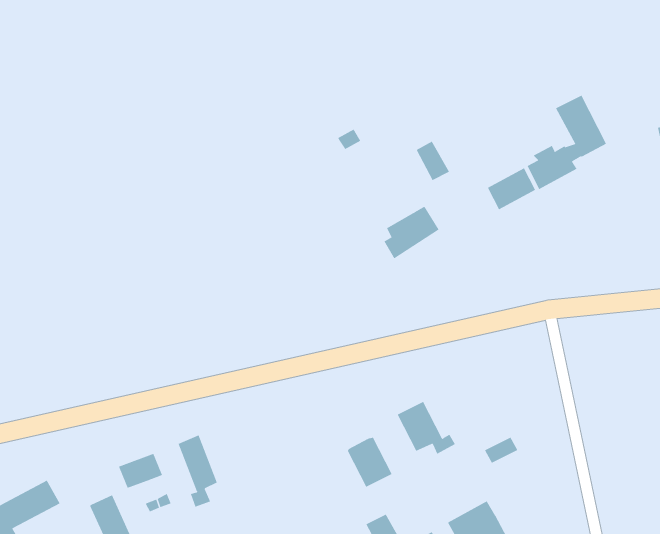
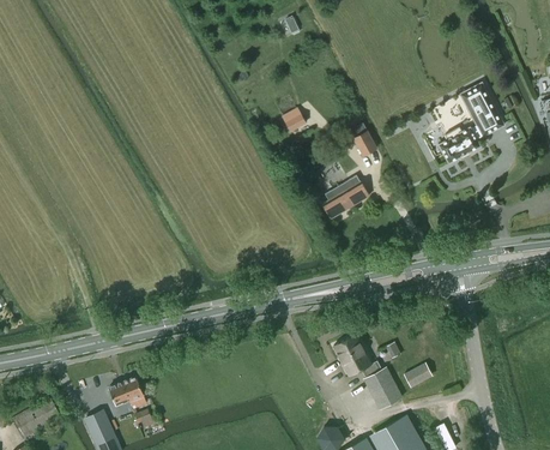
building: [487,167,536,210] -> none
building: [178,434,217,508] -> none
building: [347,437,393,487] -> [364,368,401,409]

